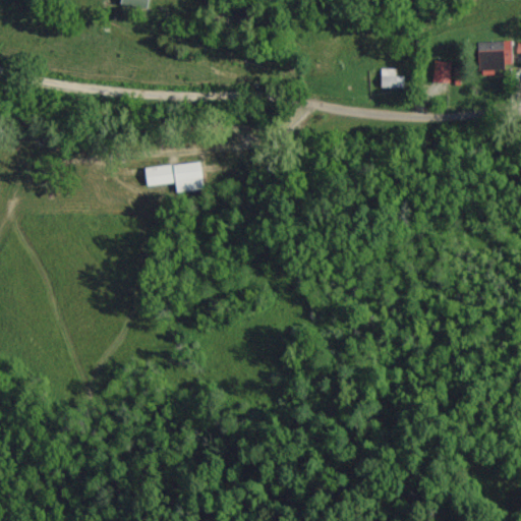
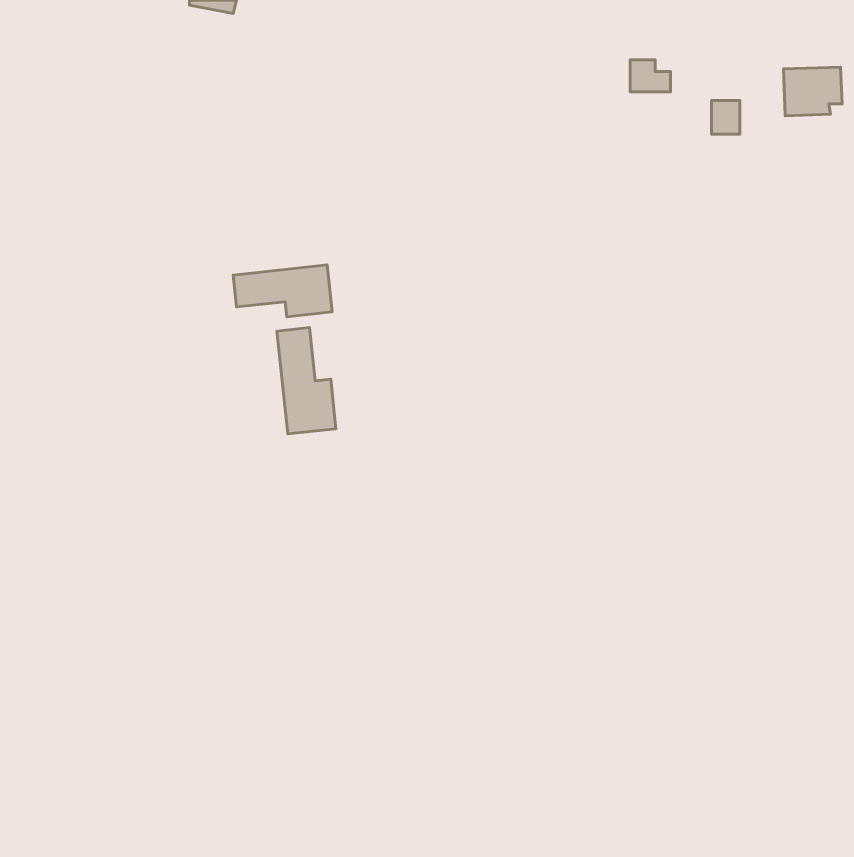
building: [381,68,405,88] -> [630,60,670,92]
building: none -> [277,328,336,434]

